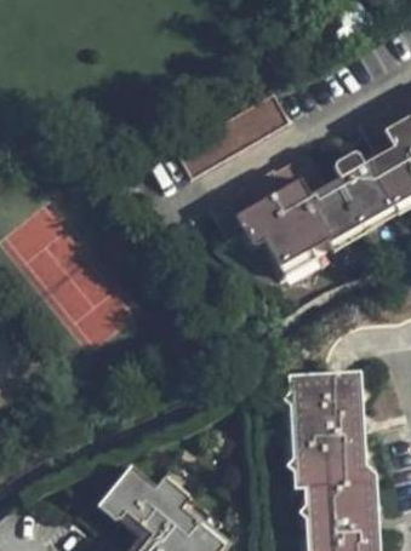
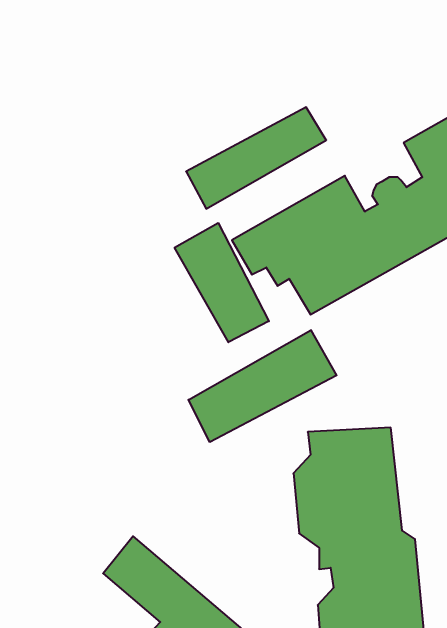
building: none -> [175,223,269,342]
building: none -> [188,330,337,442]

